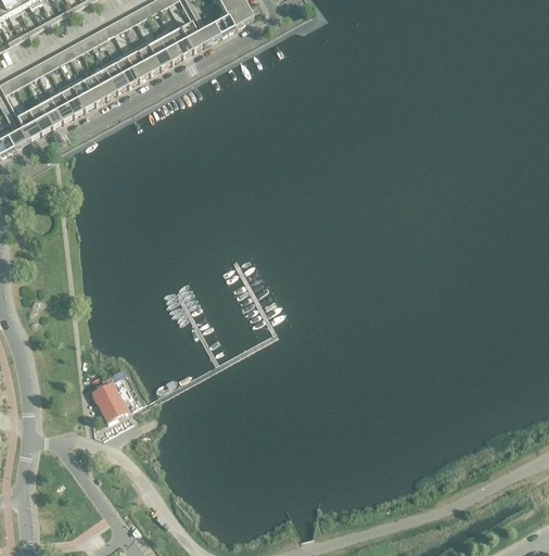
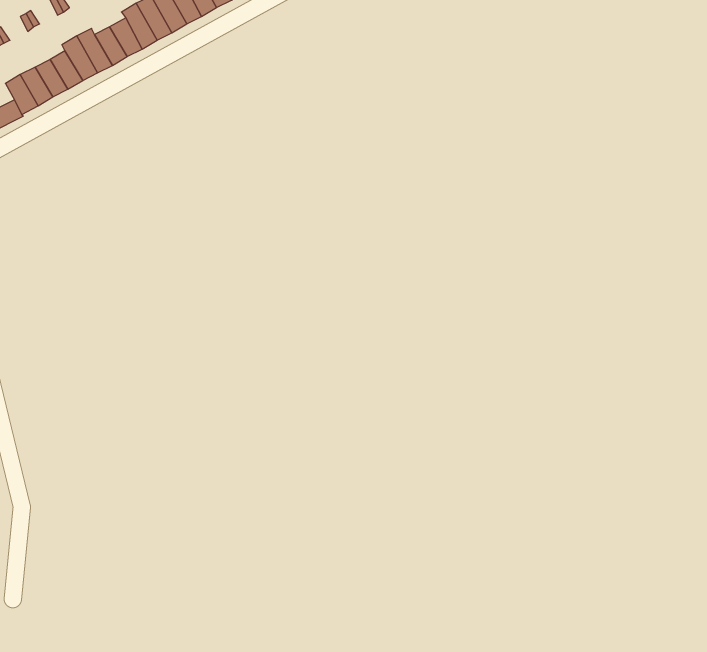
building: [91,379,126,418] -> none

